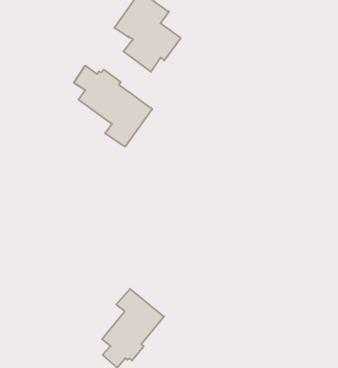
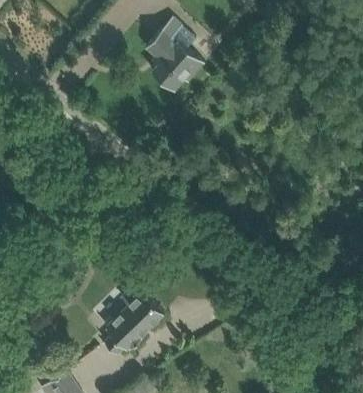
building: [74,66,152,147] -> none

